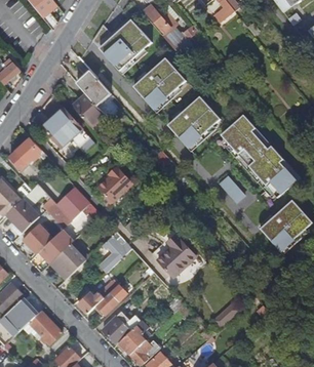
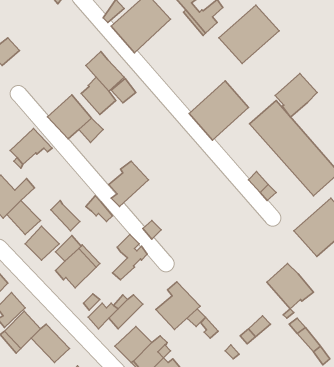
building: [132,57,186,109] -> [219,5,279,63]
building: none -> [275,74,317,117]
building: [55,186,84,219] -> none
building: [156,235,195,277] -> [156,282,200,329]
building: none -> [267,264,314,309]

